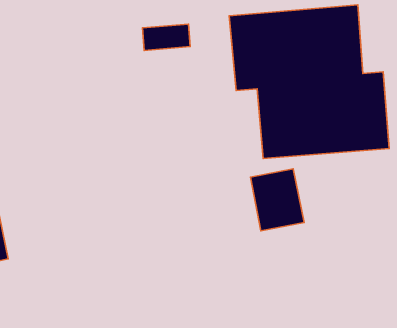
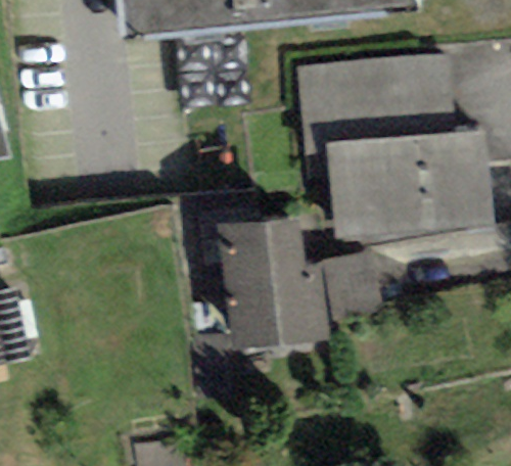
building: none -> [217,218,325,350]

